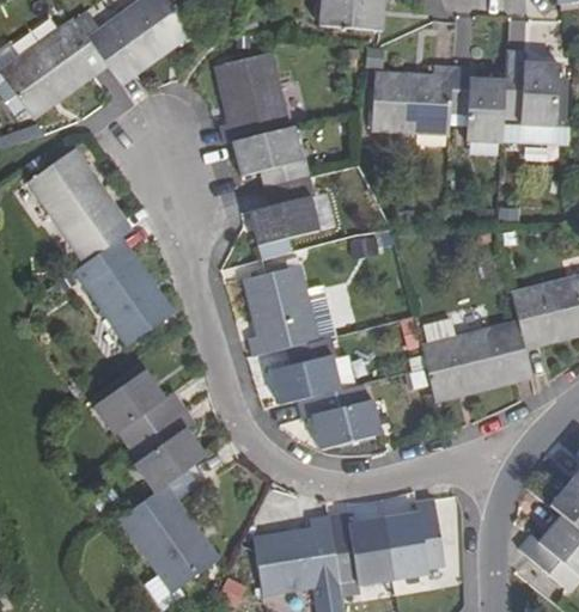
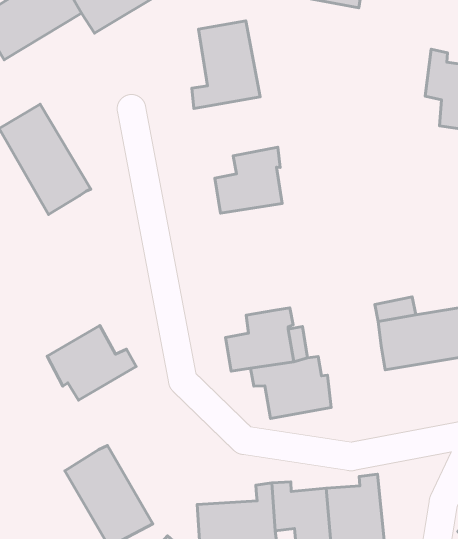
building: [374,67,456,131] -> none
building: [232,127,310,189] -> none
building: [75,240,167,343] -> none
building: [252,267,319,356] -> none
building: [129,408,205,494] -> none

